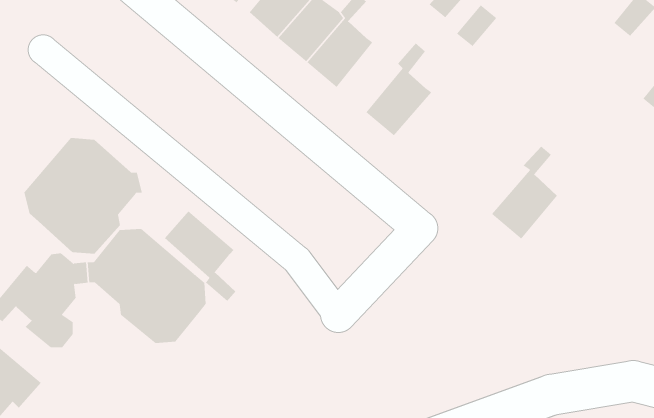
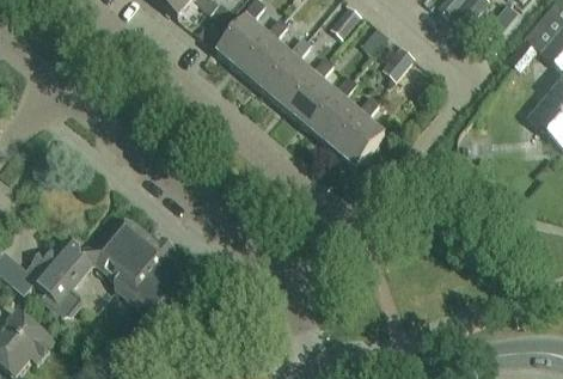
building: none -> [286,51,337,127]
building: [24,137,143,255] -> none
building: [491,146,558,240] -> [331,92,384,166]
building: [164,210,236,302] -> none

